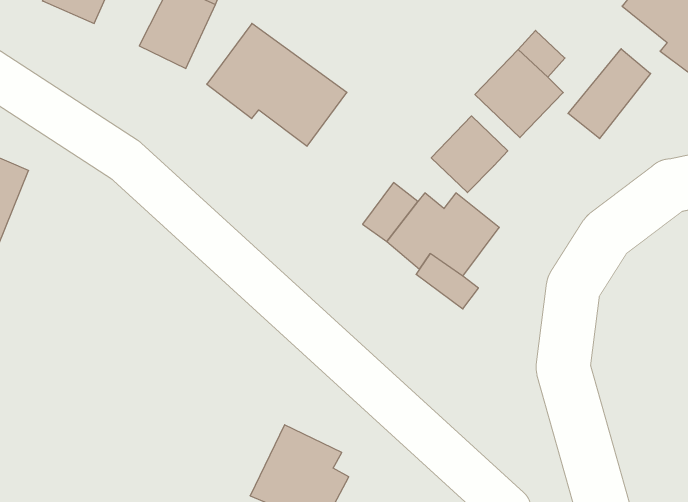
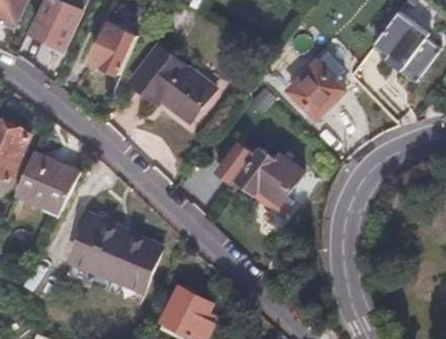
building: [568,49,651,139] -> none
building: [431,116,508,193] -> none
building: none -> [15,152,79,212]
building: none -> [64,214,159,302]

